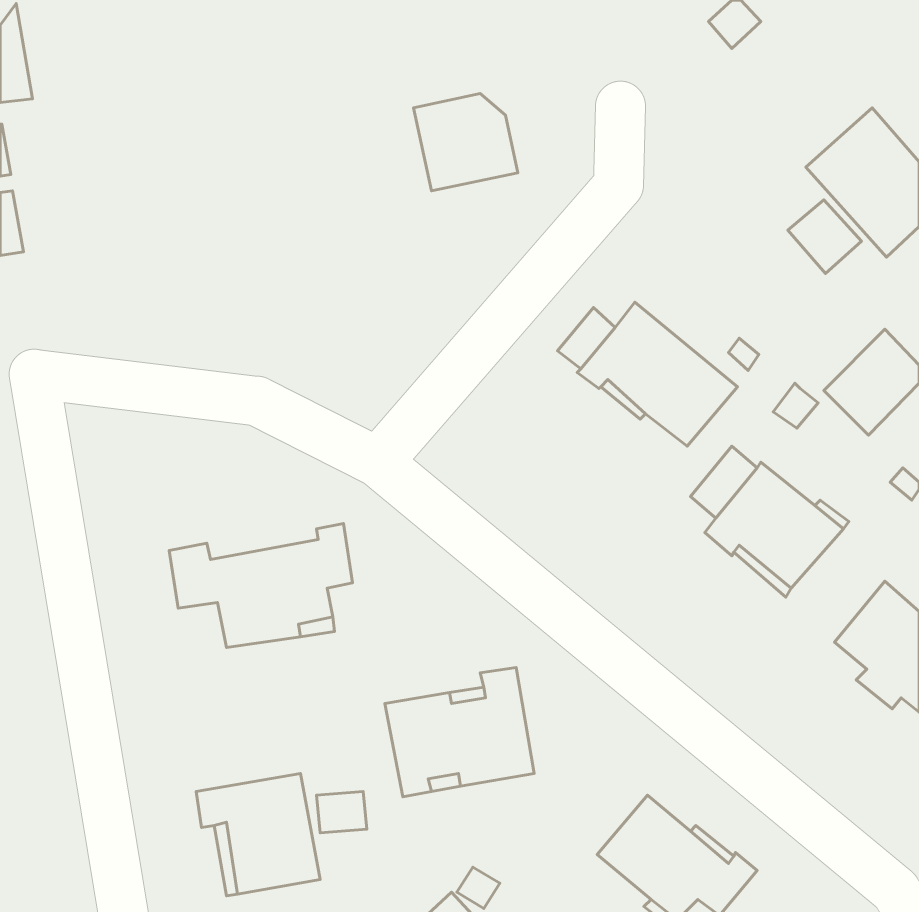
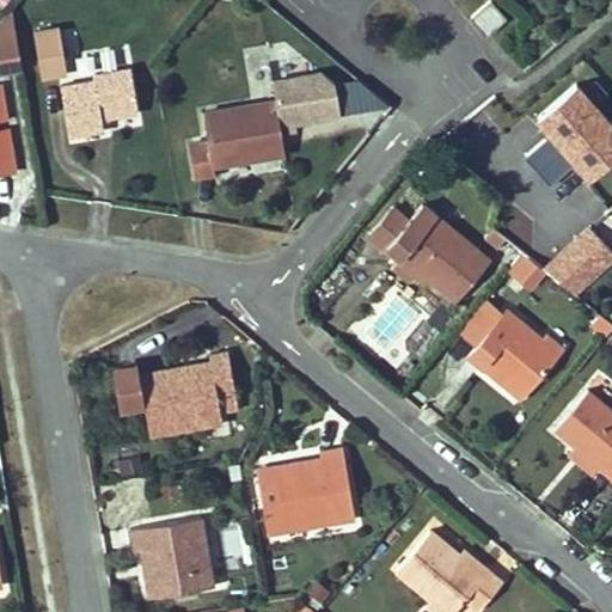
building: none -> [35,31,68,79]
building: none -> [62,69,137,139]
building: none -> [190,102,284,179]

